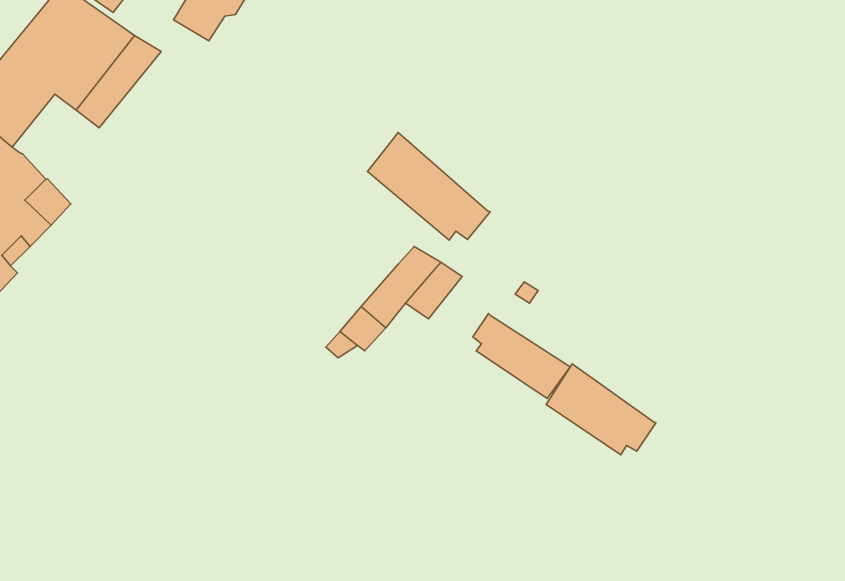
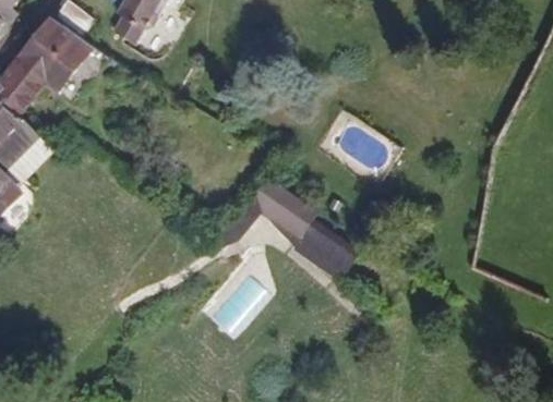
building: [367,132,490,240] -> none
building: none -> [271,194,314,236]
building: [546,364,656,455] -> none

